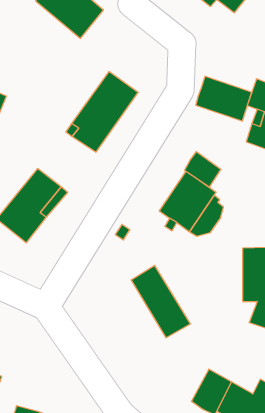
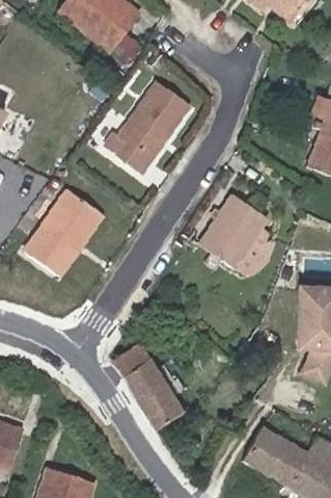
building: [196,76,252,121] -> none
building: [185,152,221,187] -> none
building: [131,265,191,338] -> [114,346,182,428]

